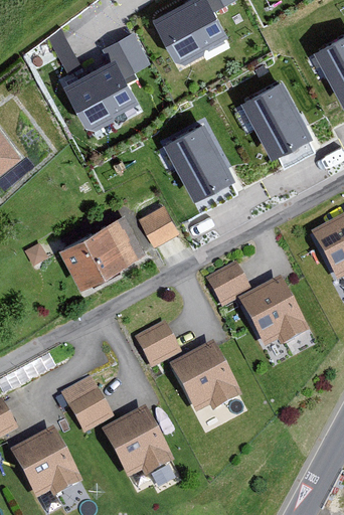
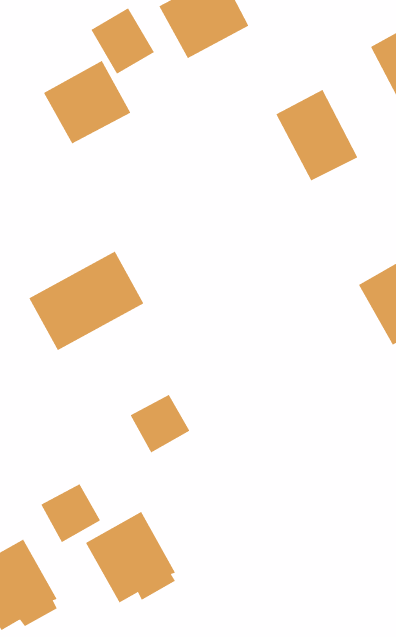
building: [169,128,232,198] -> none
building: [137,200,182,246] -> none
building: [205,256,251,302] -> none
building: [236,276,307,346] -> none
building: [169,342,238,412] -> none

